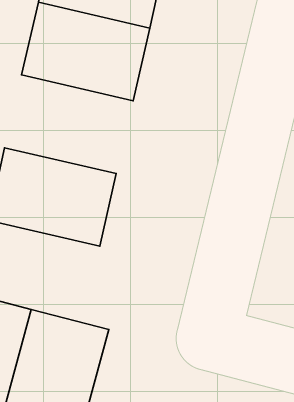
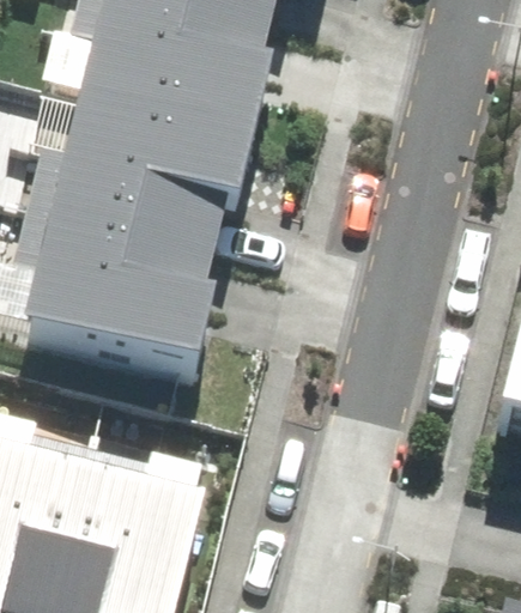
building: none -> [49,114,240,260]

